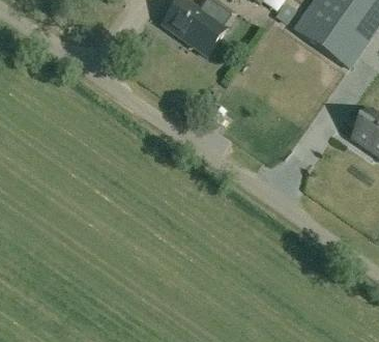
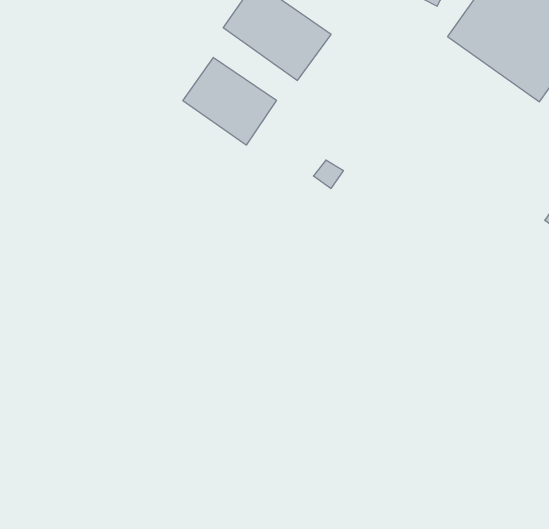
building: none -> [183,57,276,145]

